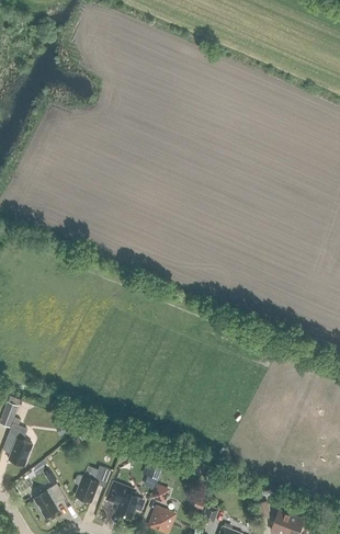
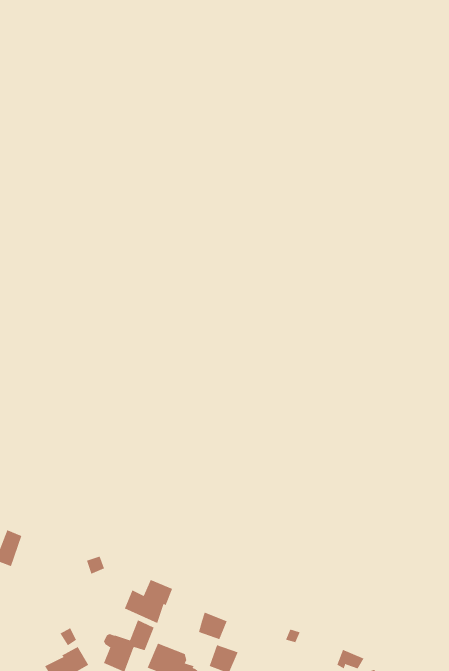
building: [7,424,32,466] -> none
building: none -> [124,579,173,624]

